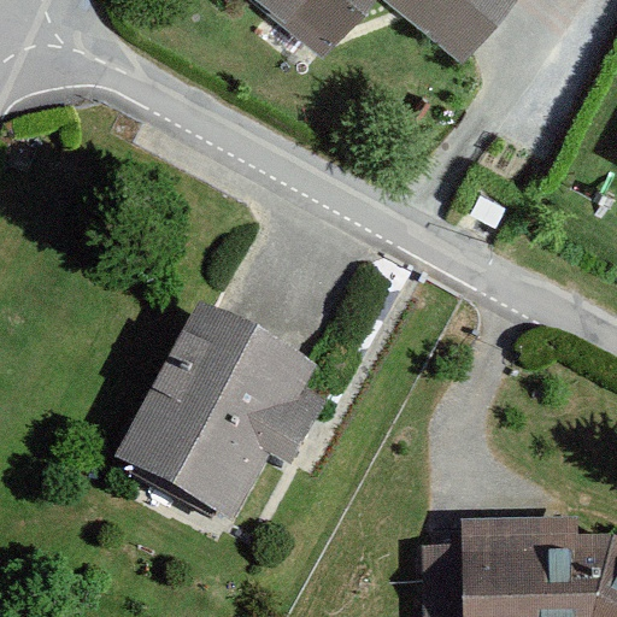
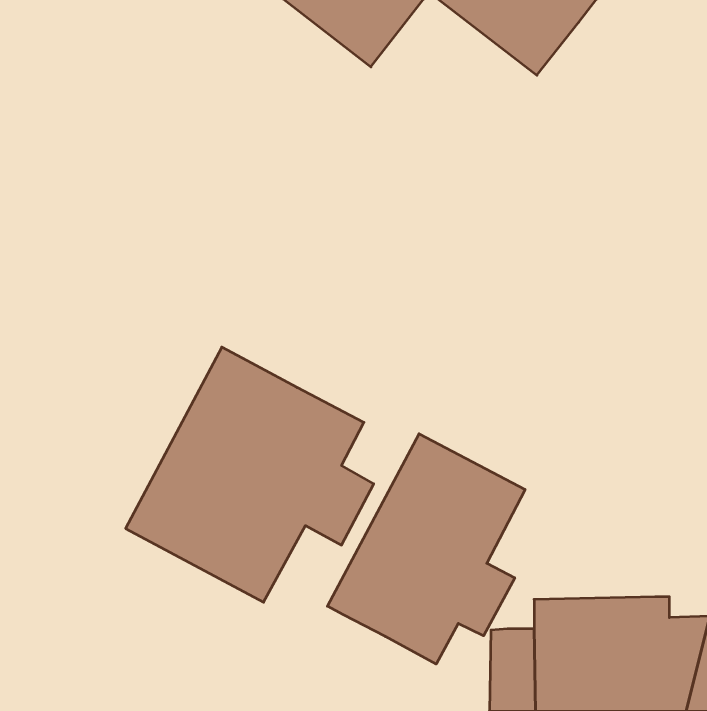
building: none -> [327,434,525,664]

